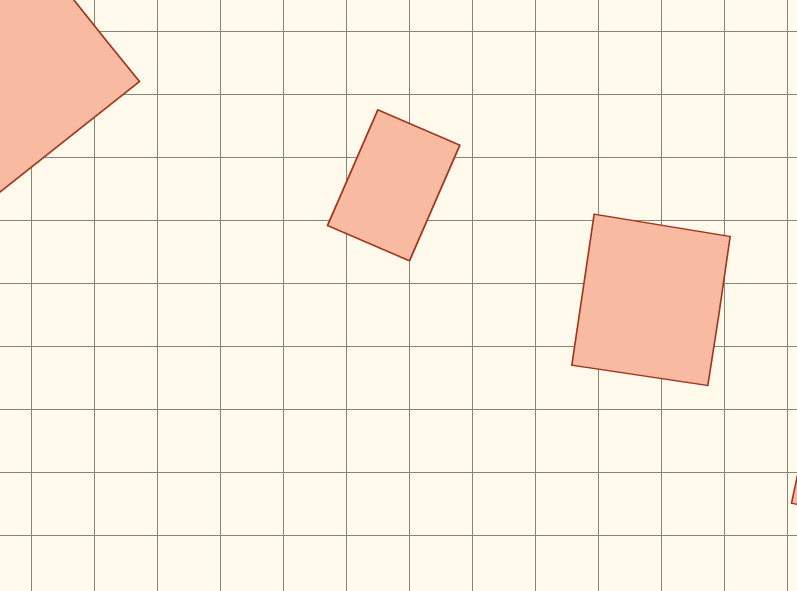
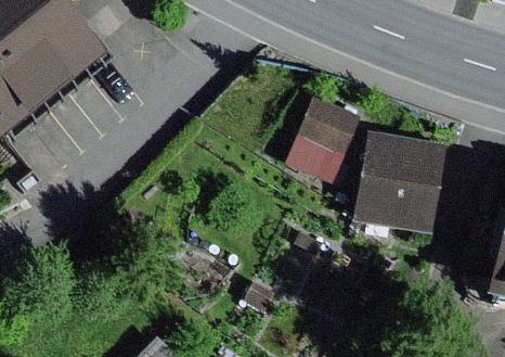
building: [327,110,460,261] -> [283,97,360,184]

